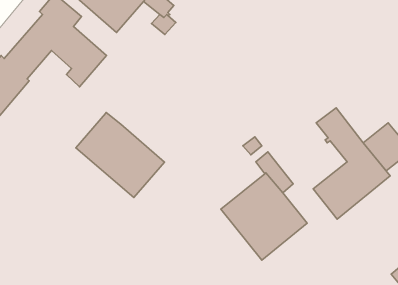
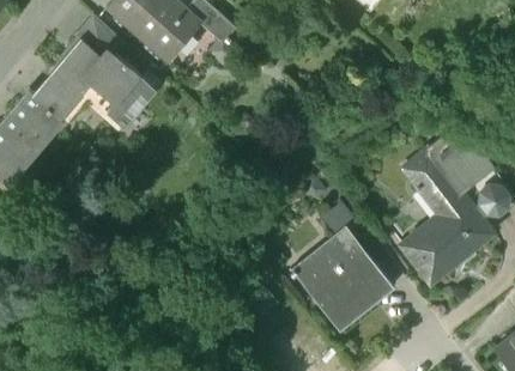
building: none -> [429,128,491,194]
building: [76,112,164,197] -> none

